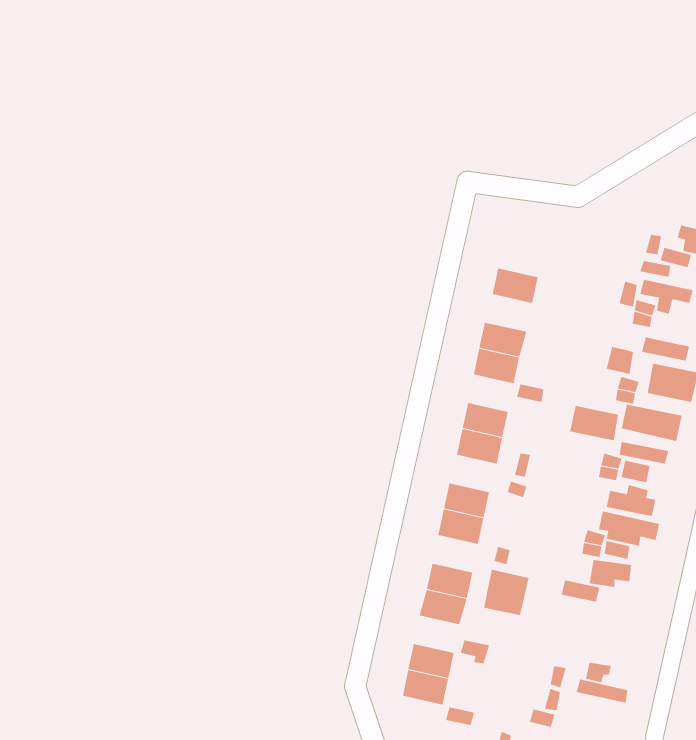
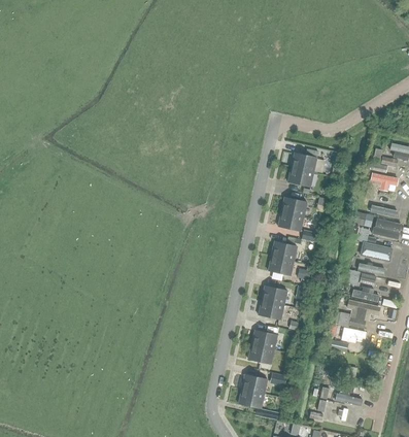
building: none -> [292,148,318,172]
building: [569,405,618,441] -> none
building: [484,569,529,616] -> none

